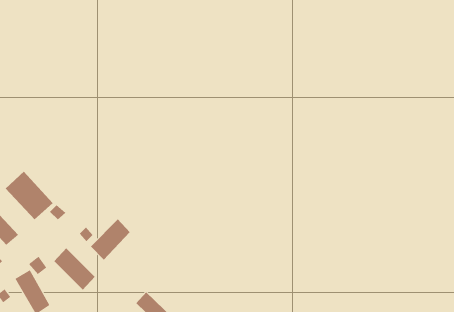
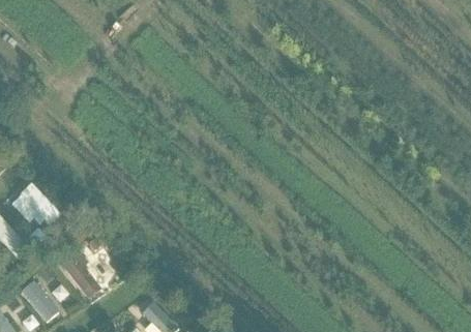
building: [90,219,131,260] -> none

